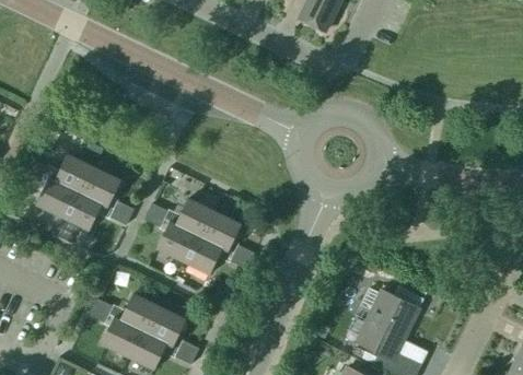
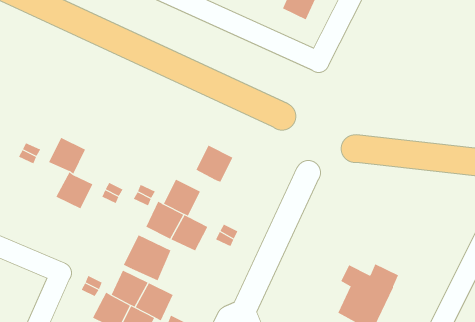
building: [81,167,120,207] -> none
building: [36,177,77,216] -> none
building: [201,211,241,250] -> [196,145,233,182]
building: none -> [123,234,171,281]

